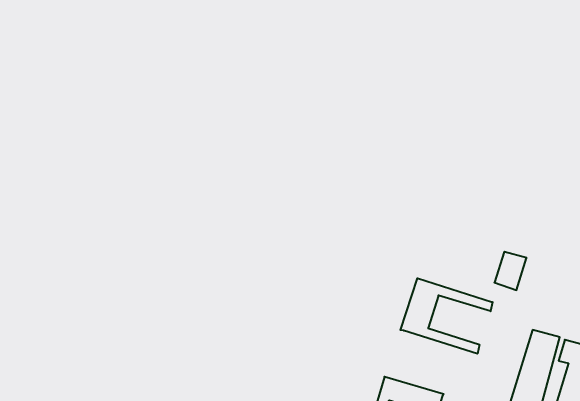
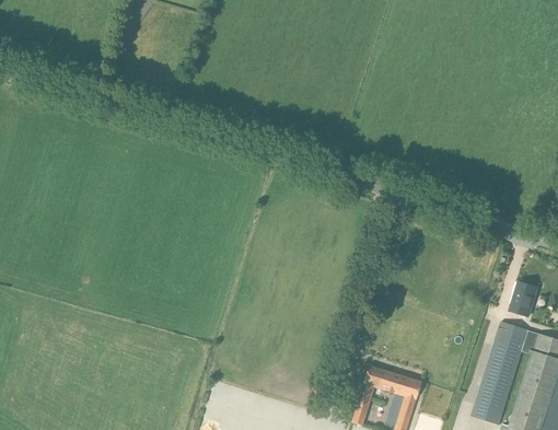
building: [494,252,527,290] -> [510,282,538,316]
building: [400,278,493,354] -> none

